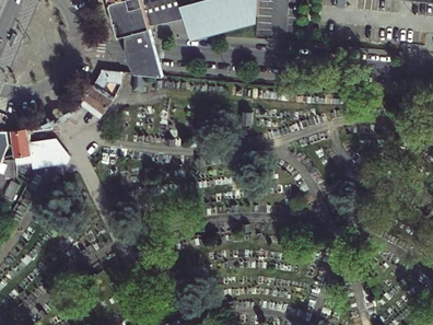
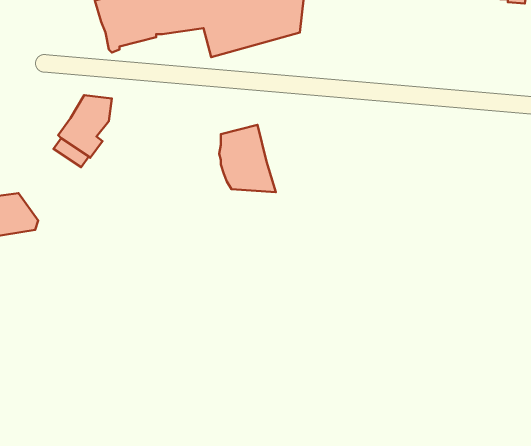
building: [126,27,166,76] -> [219,125,276,192]

